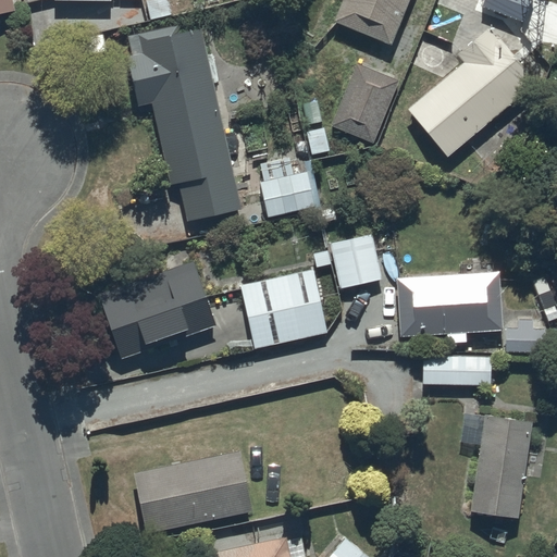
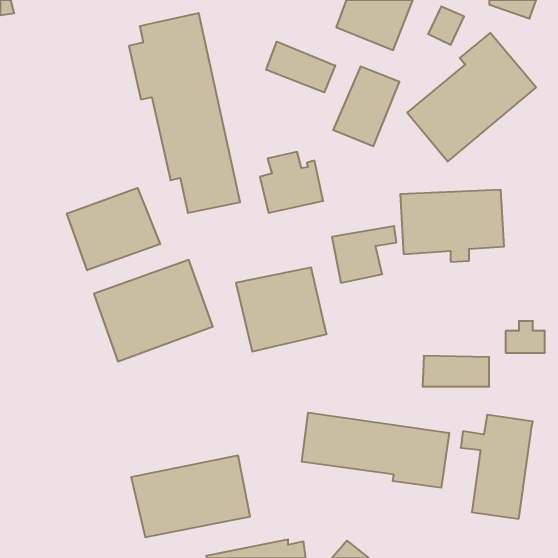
building: none -> [266,42,335,92]
building: none -> [67,188,160,270]
building: [397,272,500,344] -> [400,190,504,262]
building: none -> [302,413,449,488]

